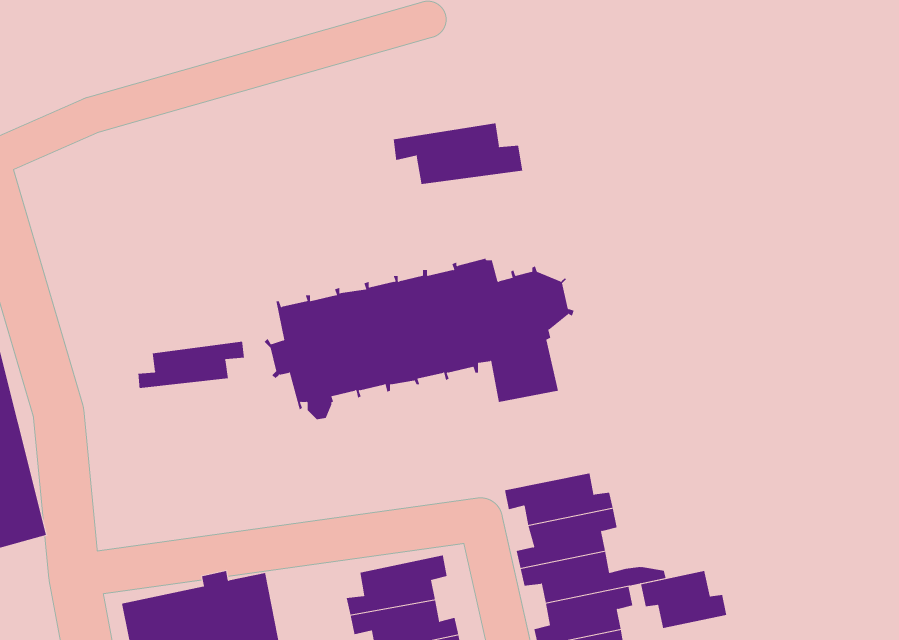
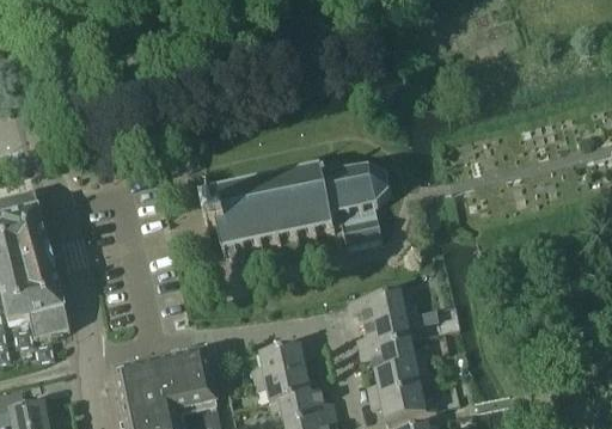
building: [393,122,523,185] -> none
building: [138,341,245,389] -> none
building: [641,570,727,629] -> none

